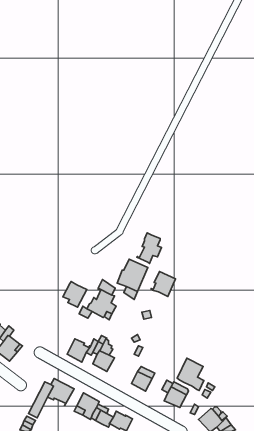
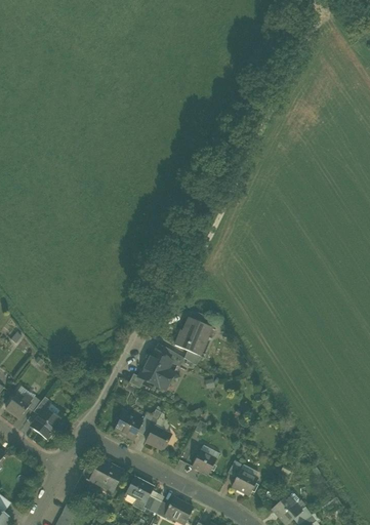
building: [137,233,161,263] -> none
building: [151,272,175,297] -> none
building: [63,282,87,307] -> none
building: [177,358,204,390] -> none

